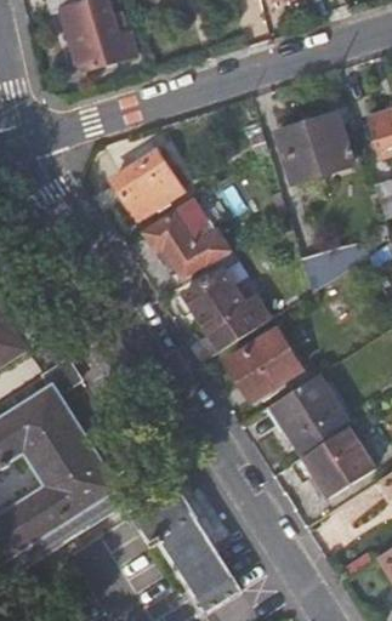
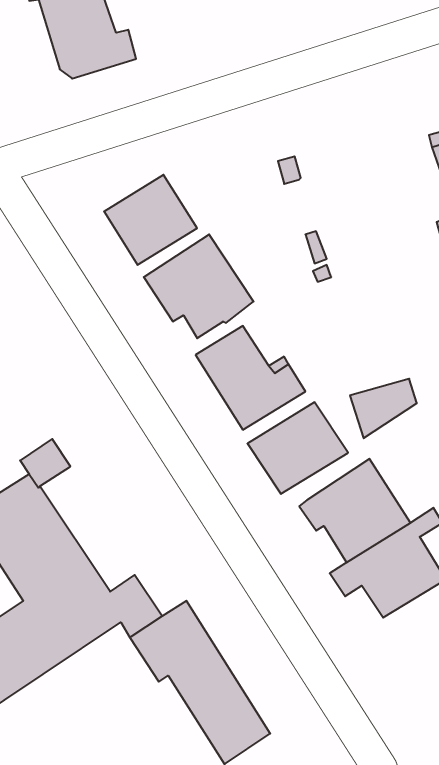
building: [275,114,352,184] -> none
building: [301,246,354,294] -> [350,379,417,438]

